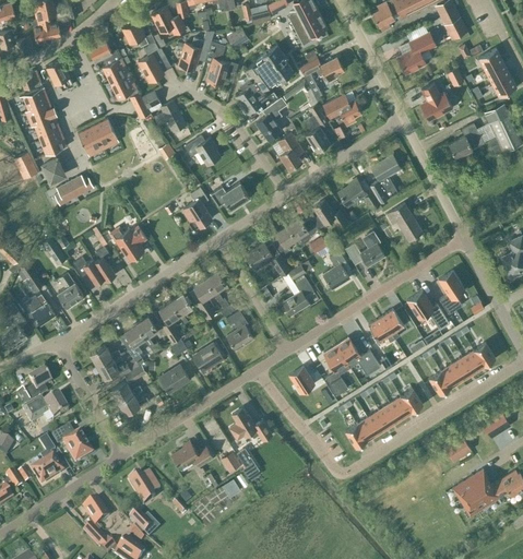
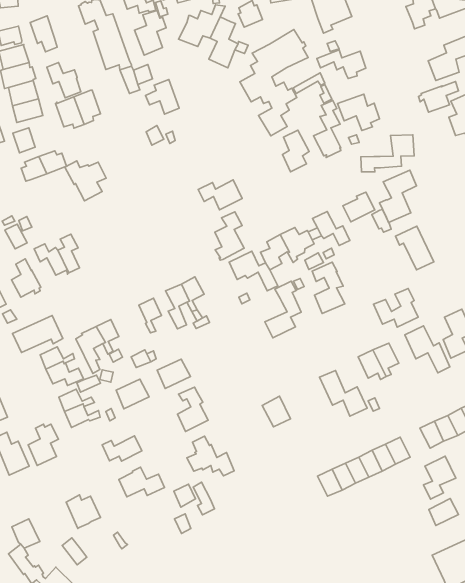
building: none -> [419,82,459,112]
building: none -> [47,63,81,98]
building: none -> [361,135,414,172]
building: [185,135,219,164] -> none
building: [185,188,212,231] -> [215,212,244,260]
building: [109,226,146,261] -> [65,161,106,201]
building: [344,231,384,266] -> [373,288,418,327]
building: [157,301,181,343] -> none
building: [225,311,253,350] -> [177,387,208,431]
building: none -> [12,315,63,352]
building: [323,345,349,395] -> none
building: none -> [424,456,456,499]
building: none -> [28,424,59,466]
building: none -> [102,436,142,461]

